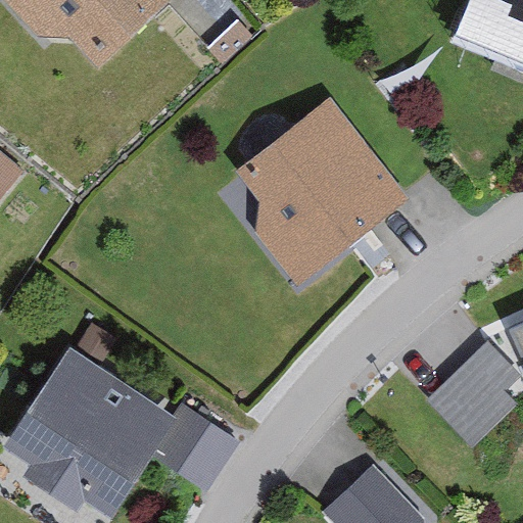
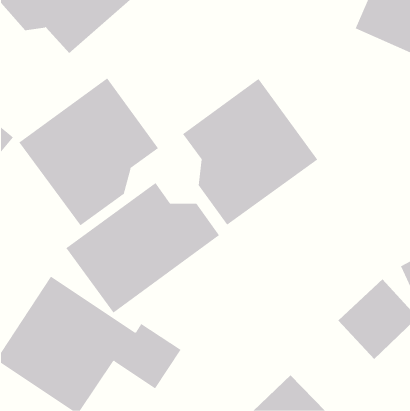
building: none -> [19,77,159,226]
building: none -> [66,182,220,313]

